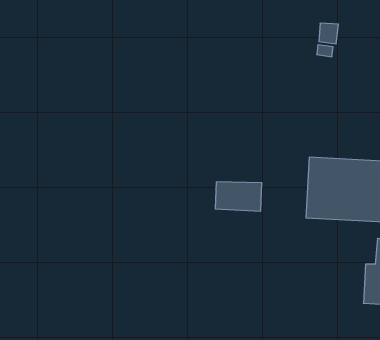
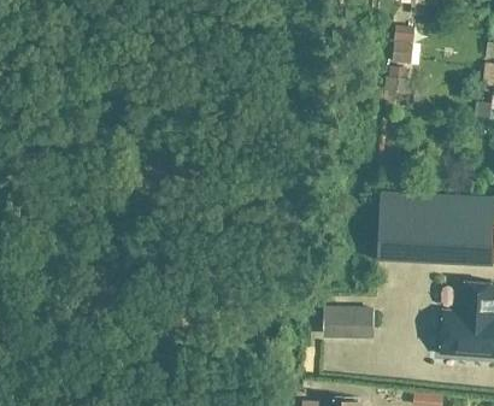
building: [215,182,262,211] -> [322,306,374,339]

